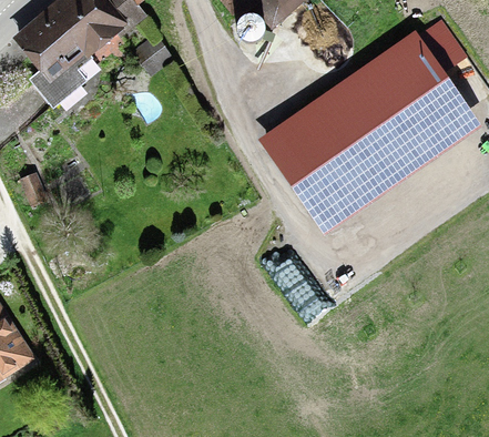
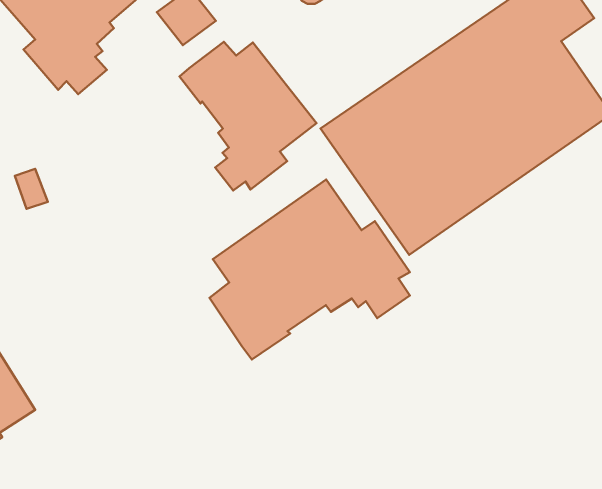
building: none -> [180,42,317,191]
building: none -> [209,179,410,359]

